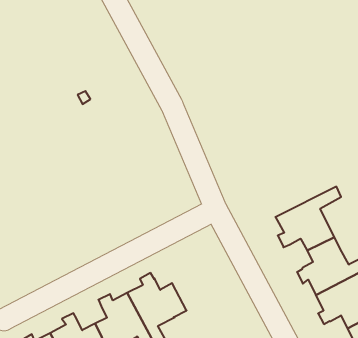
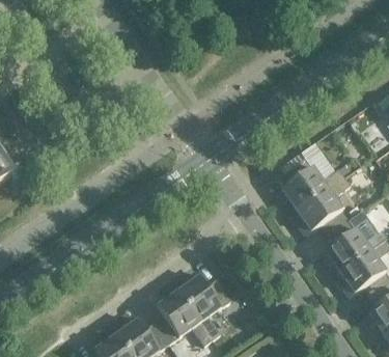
building: none -> [278,157,345,209]

